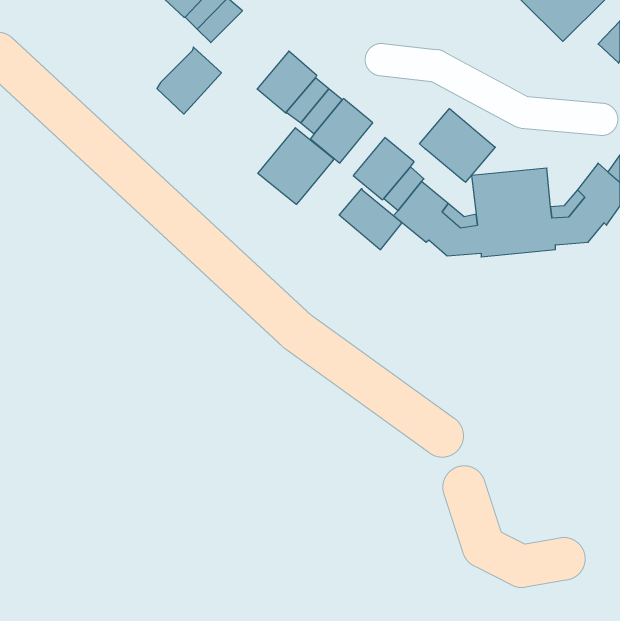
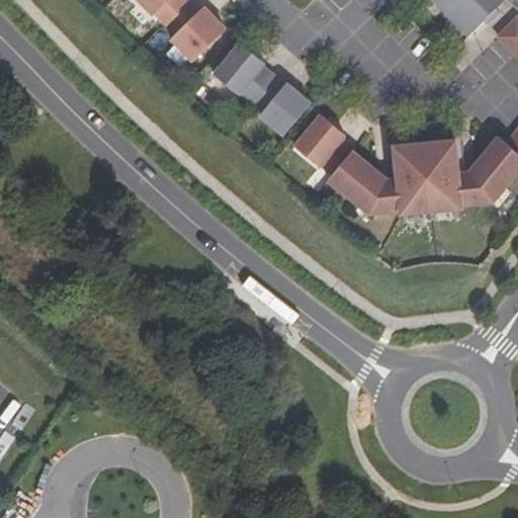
building: [157,47,221,114] -> [172,6,226,62]
building: [420,109,495,182] -> none
building: [258,128,334,204] -> none
building: [339,189,402,250] -> none

